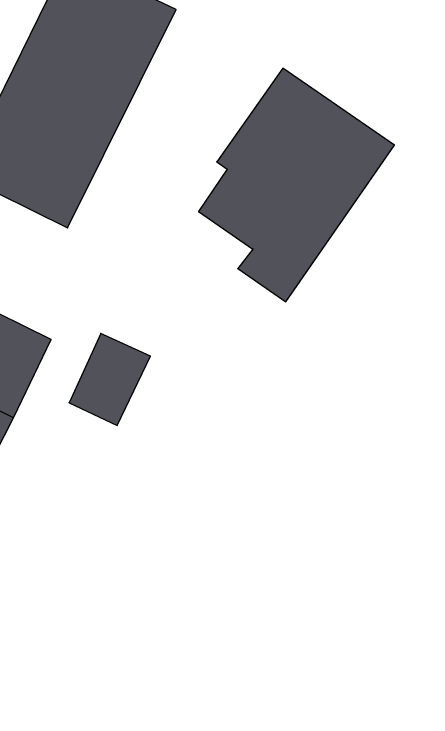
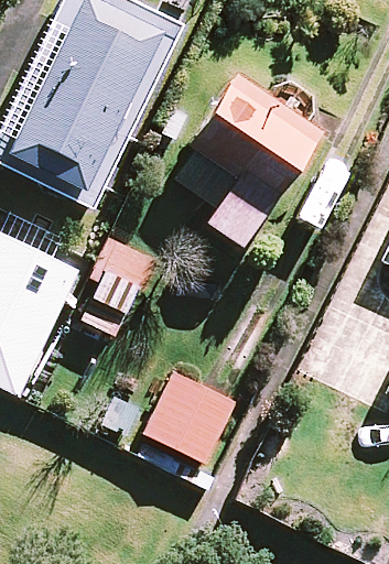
building: none -> [144,371,239,466]

